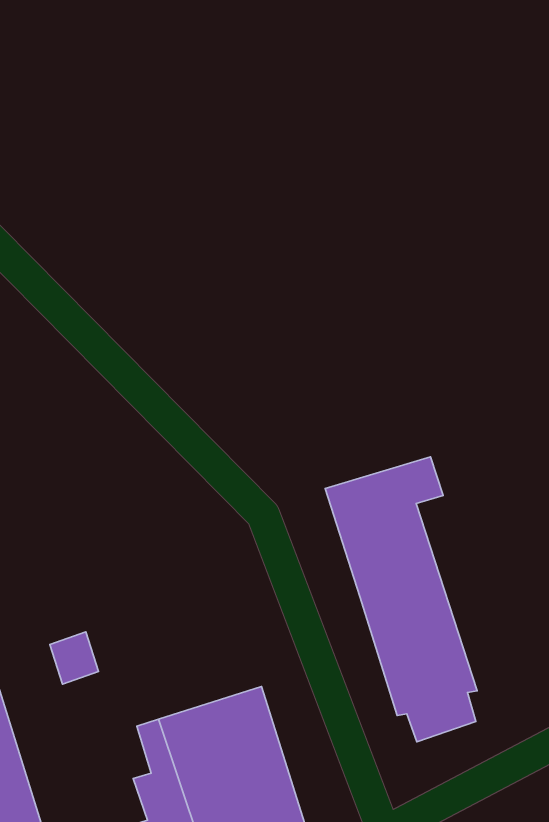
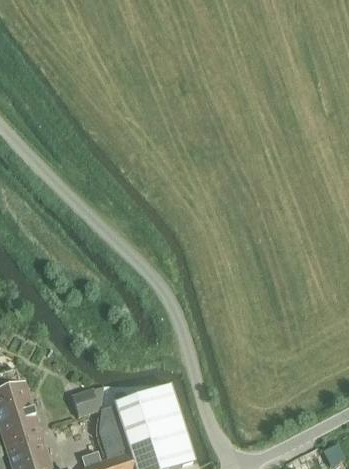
building: [325,457,477,742] -> none
building: [50,632,98,684] -> [71,385,98,414]

